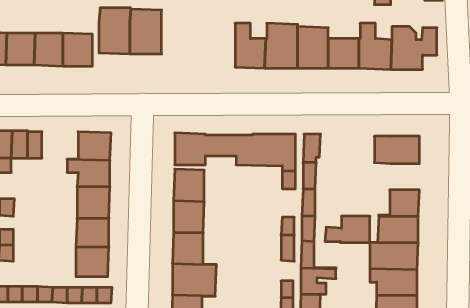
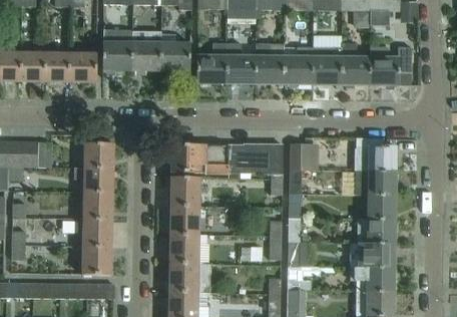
building: none -> [160,31,190,71]
building: none -> [197,43,227,83]
building: [325,216,370,243] -> [355,172,396,196]

